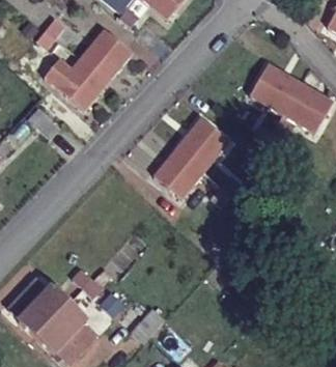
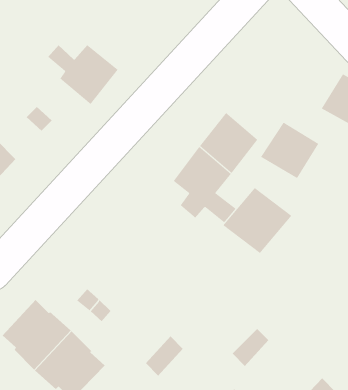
building: [81,29,133,81] -> none
building: [250,65,301,114] -> [260,122,319,179]
building: none -> [222,187,292,254]

